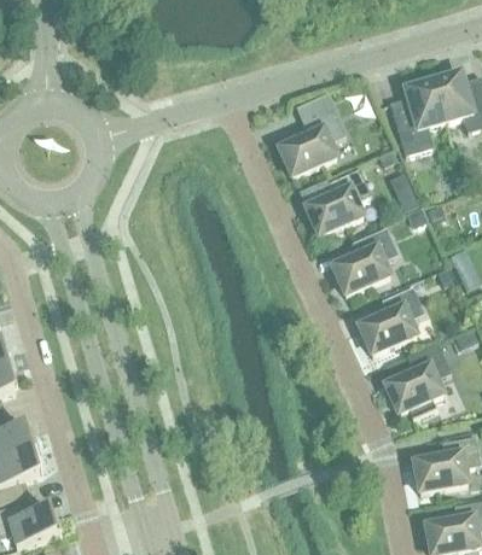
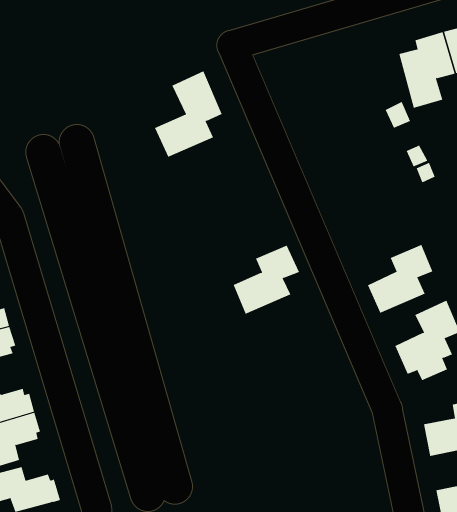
building: [279,92,345,176] -> [154,71,223,158]
building: [307,166,372,235] -> none
building: [333,227,399,294] -> [233,245,300,315]

